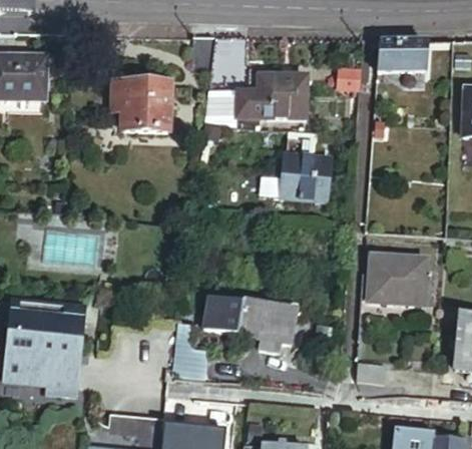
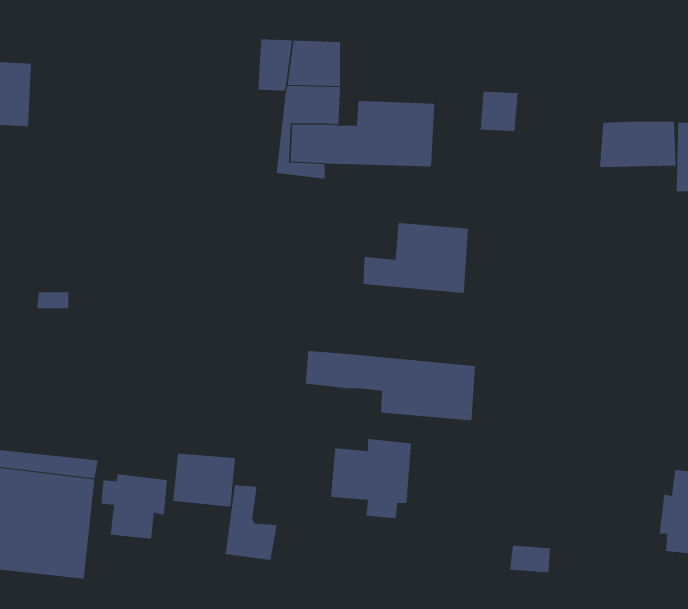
building: [377,40,427,70] -> [599,121,676,167]
building: [107,82,169,130] -> none
building: none -> [305,350,475,421]
building: [370,259,425,305] -> none
building: [200,299,242,334] -> [173,453,236,507]
building: none -> [101,474,168,540]

